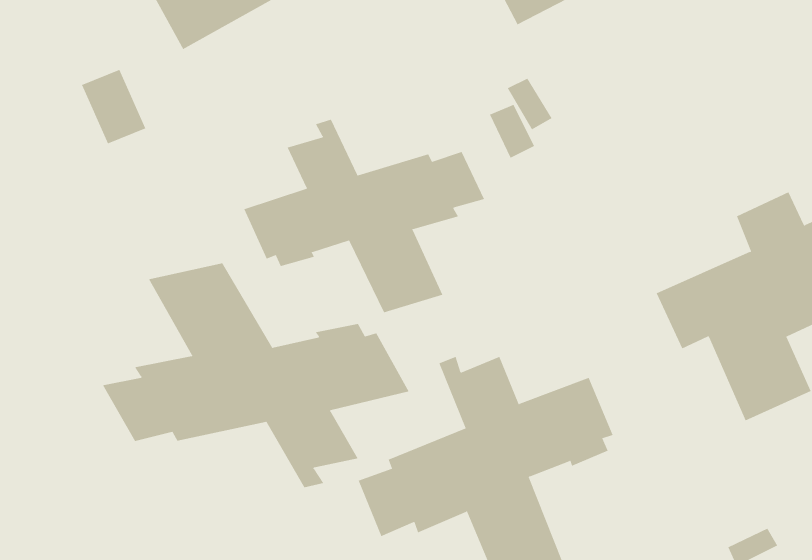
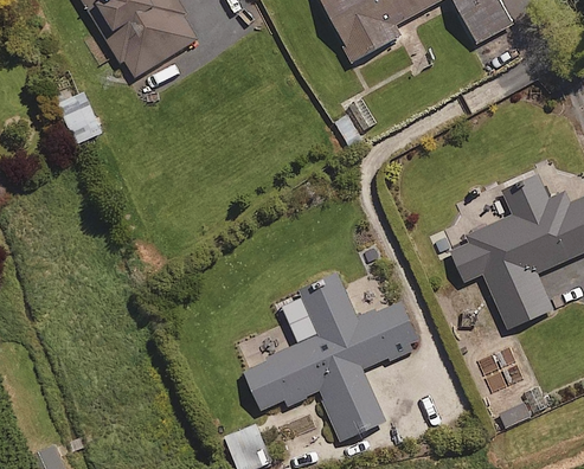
building: [243,119,485,313] -> none
building: [102,263,409,488] -> none

